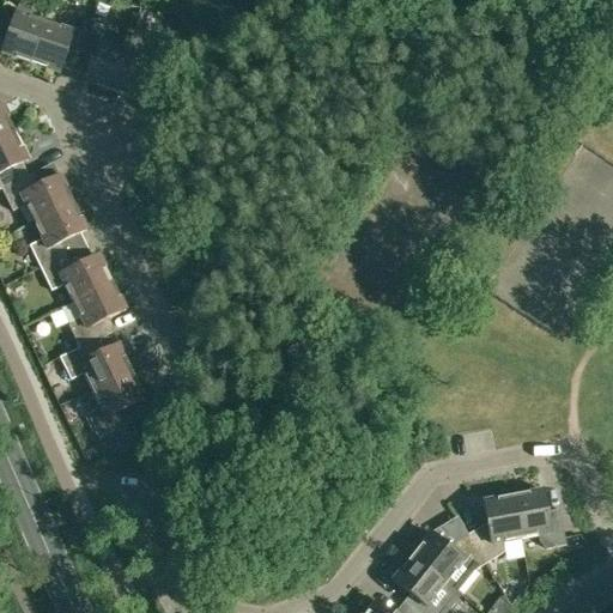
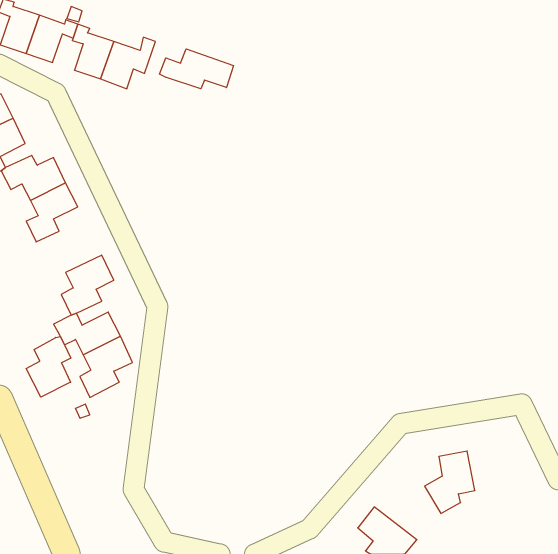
building: none -> [159,49,234,89]
building: [40,251,111,298] -> none
building: none -> [26,336,71,397]
building: [511,487,564,545] -> none
building: [409,530,482,590] -> none

